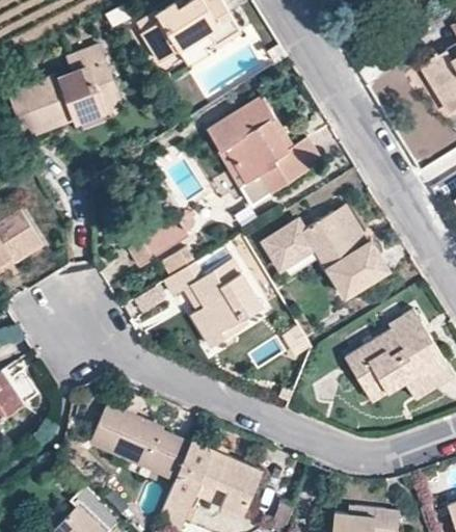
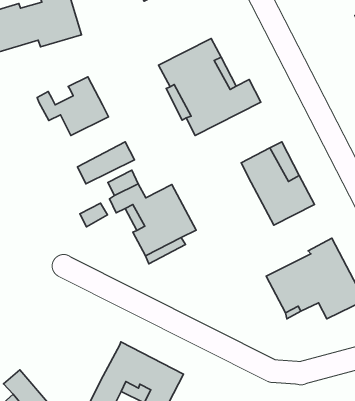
building: none -> [37,77,109,135]
building: [263,222,319,276] -> none
building: [88,402,189,477] -> none

